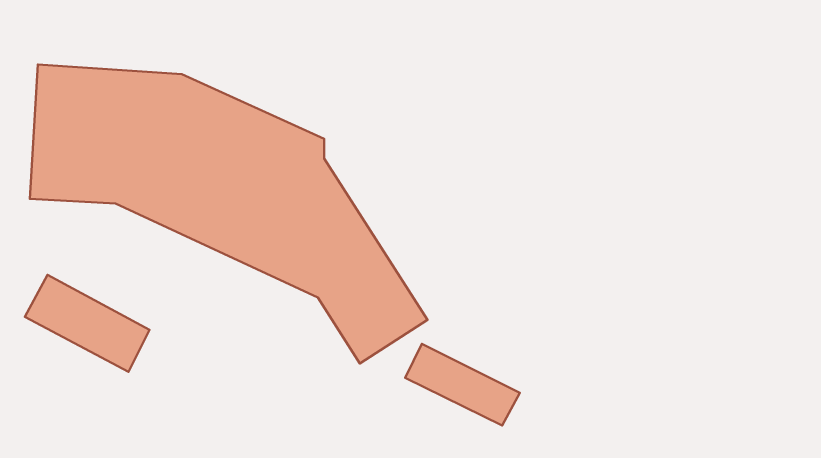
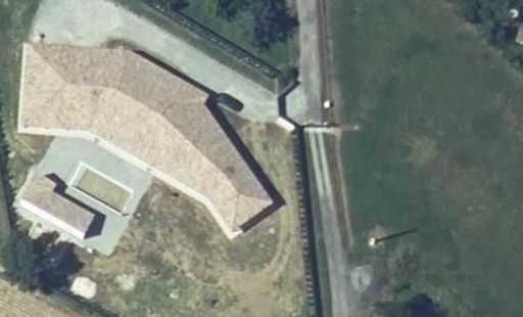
building: [405,344,520,426] -> none

